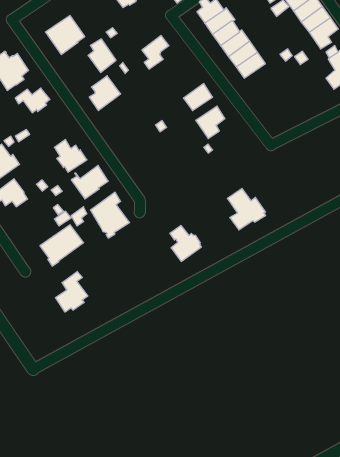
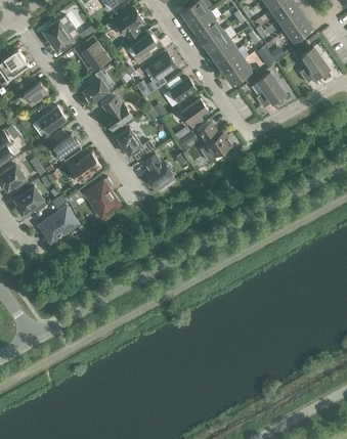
building: none -> [114,9,142,40]
building: none -> [147,54,175,88]
building: none -> [224,59,256,83]
building: none -> [255,73,284,108]
building: none -> [102,97,131,131]
building: none -> [32,105,66,136]
building: none -> [116,128,154,160]
building: [227,188,266,230] -> [197,123,231,161]
building: none -> [14,186,45,214]
building: [170,226,201,261] -> [143,155,172,187]
building: [56,271,88,312] -> none

